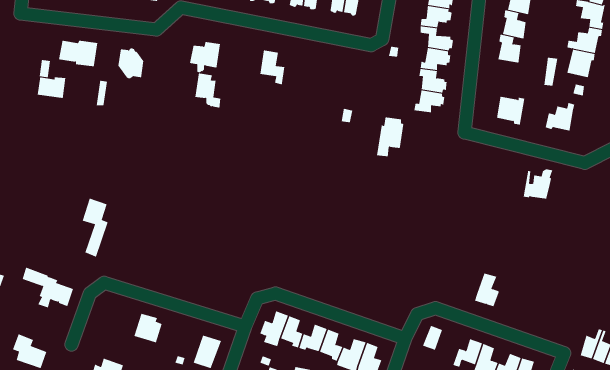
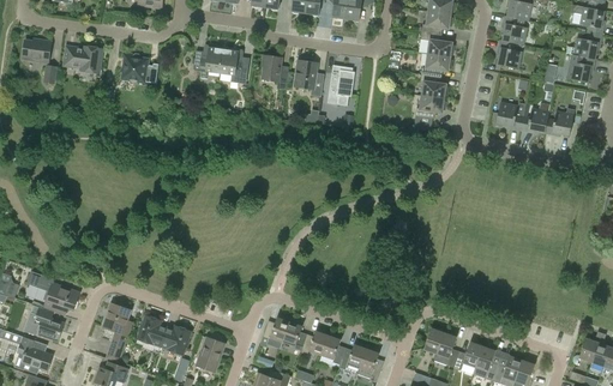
building: none -> [294,60,323,96]
building: [195,73,221,108] -> [220,49,246,84]
building: [37,77,66,99] -> [22,40,50,61]
building: [376,117,404,157] -> [326,65,354,104]
building: [523,169,553,199] -> [519,102,549,132]
building: [82,198,109,257] -> [103,303,130,362]
building: [474,273,500,308] -> [433,332,458,367]
building: none -> [23,306,64,340]
building: none -> [160,325,190,354]

